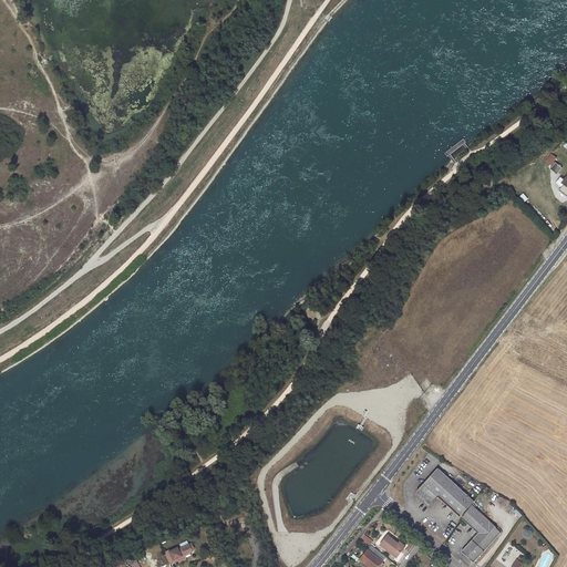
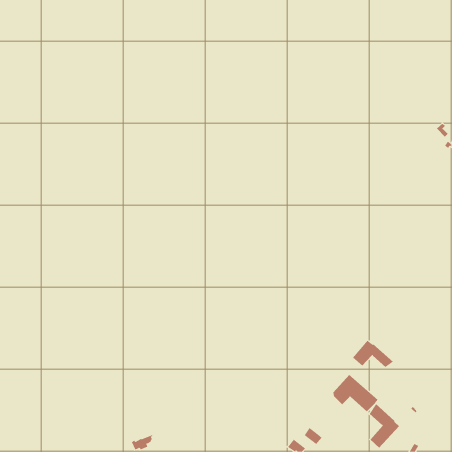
building: none -> [352,340,394,368]

